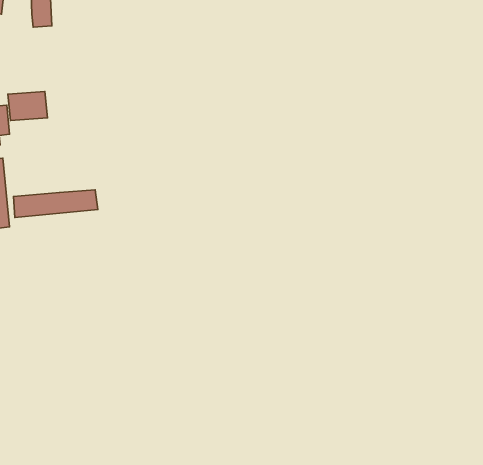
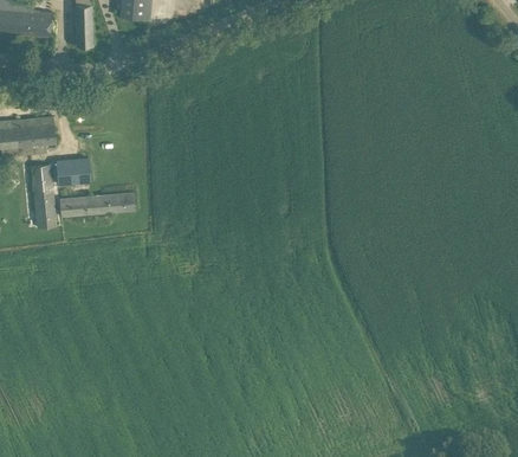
building: [8,91,48,120] -> [56,157,91,184]

